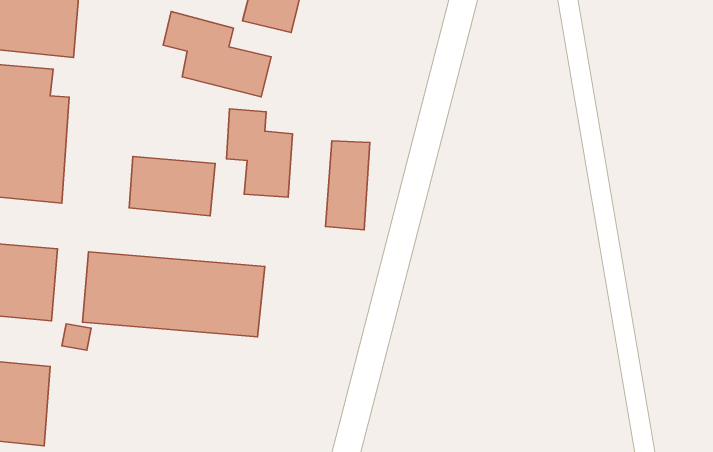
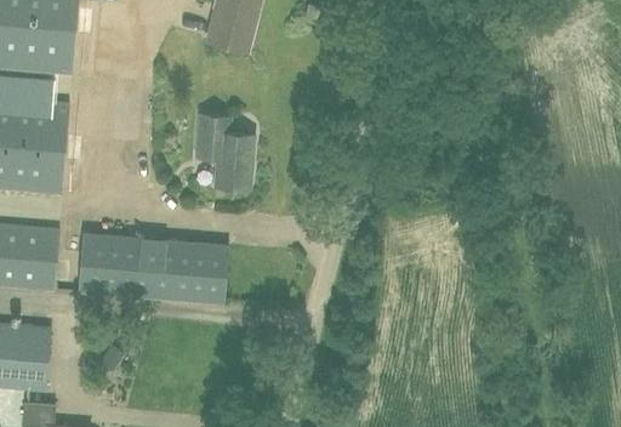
building: [163,12,271,97] -> none
building: [325,141,370,230] -> none
building: [129,156,215,216] -> none

